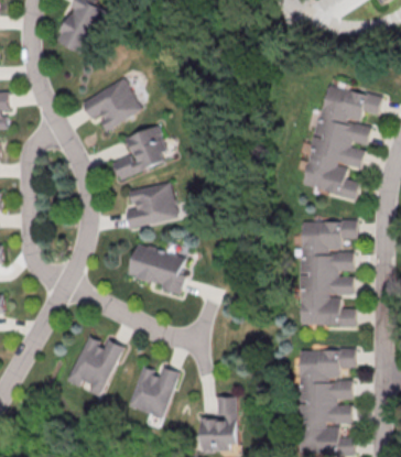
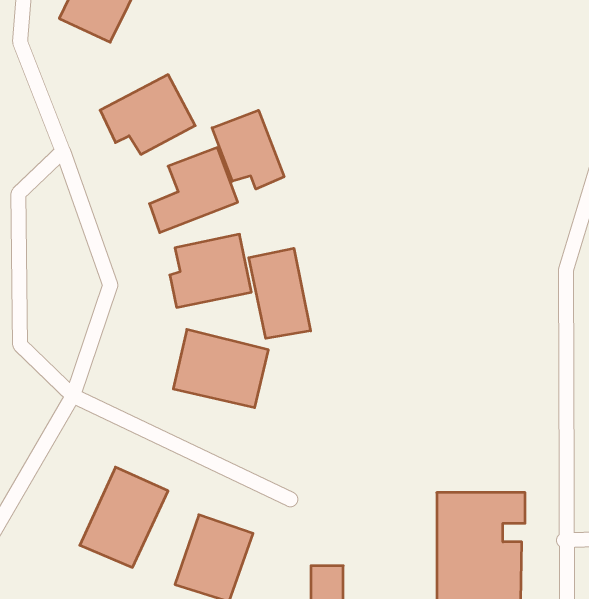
building: [303,84,382,199] -> none
building: none -> [212,110,284,189]
building: none -> [249,248,311,338]
building: [299,221,357,326] -> none

